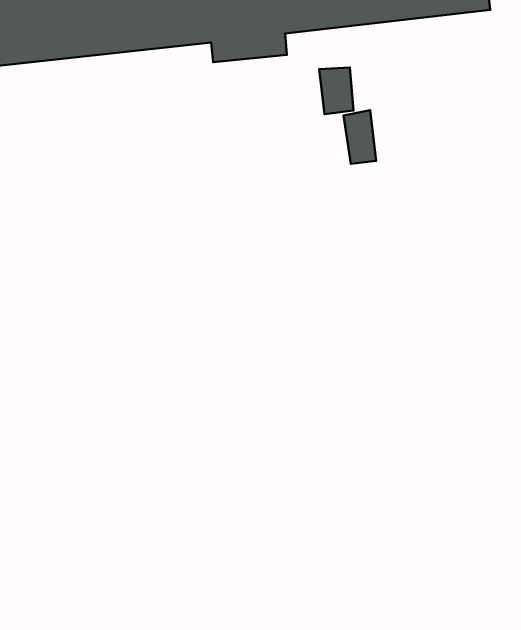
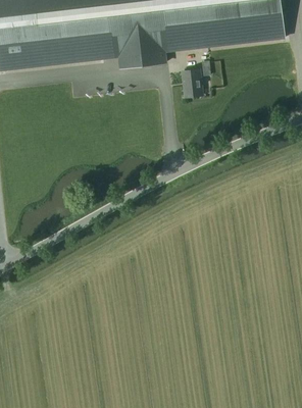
building: [344,110,376,164] -> none

